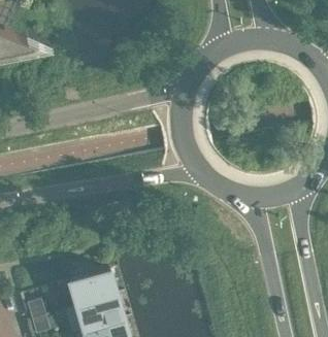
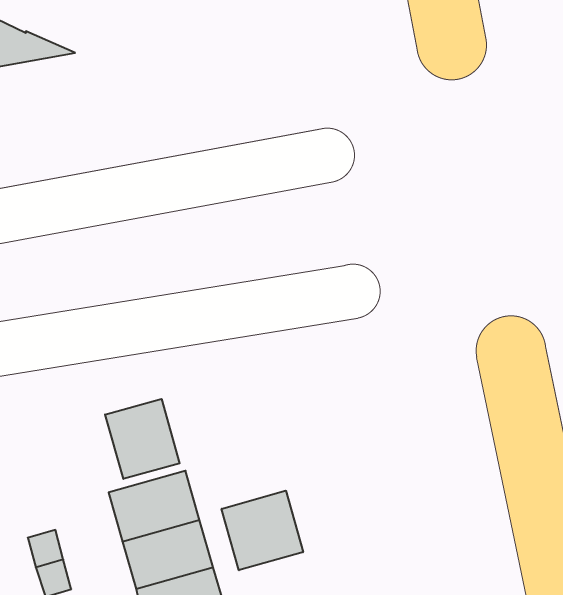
building: none -> [105,399,180,479]
building: none -> [222,491,303,570]

